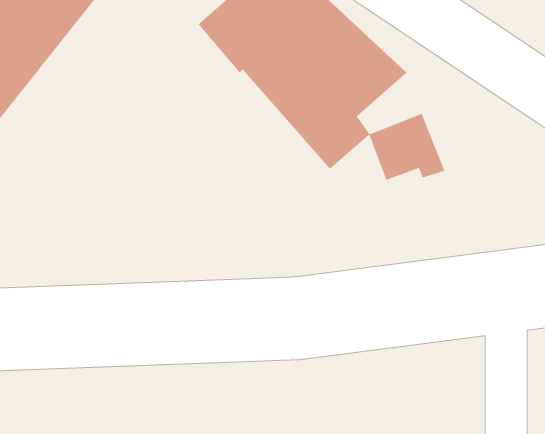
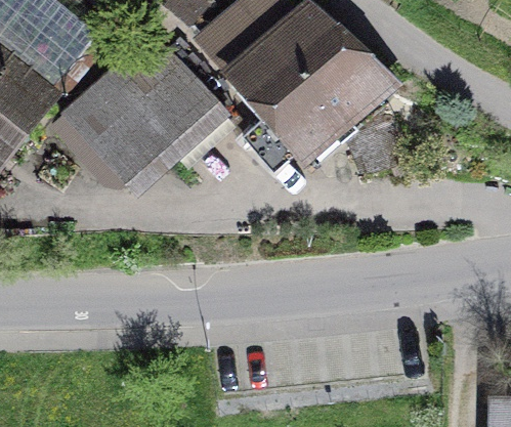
building: none -> [67,47,211,190]

